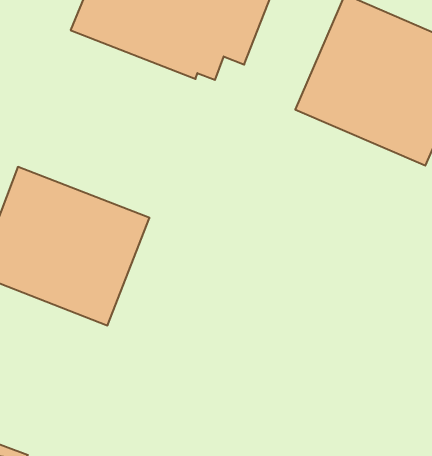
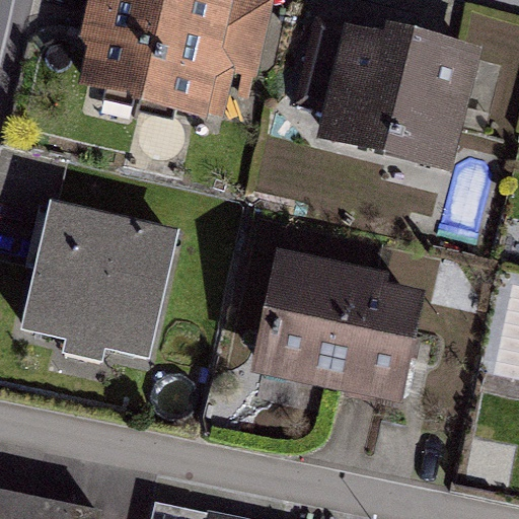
building: none -> [264,267,426,401]

